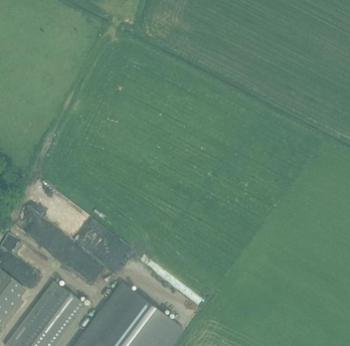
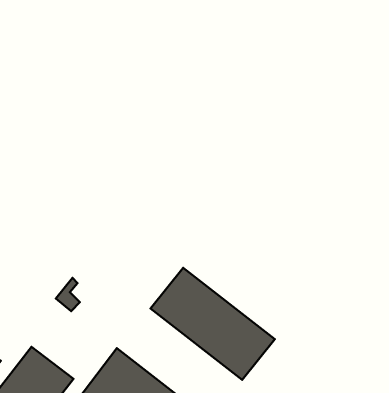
building: none -> [150,268,275,380]

